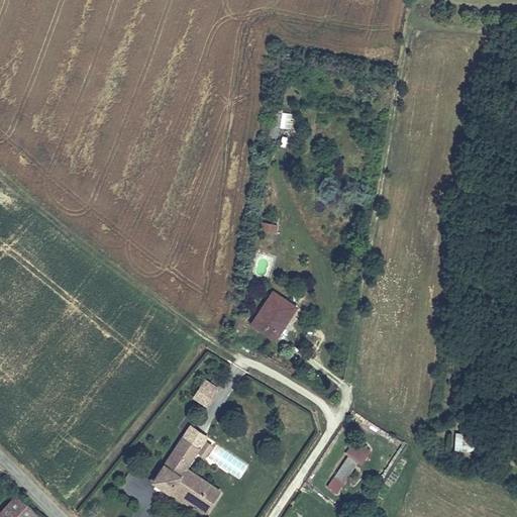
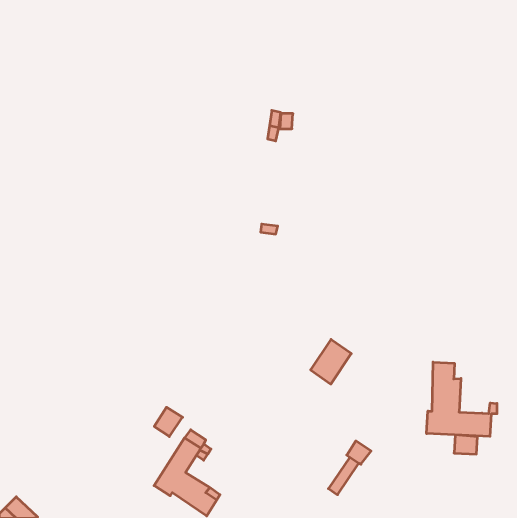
building: [253,294,294,338] -> [311,339,351,384]
building: none -> [427,362,497,436]
building: [191,379,219,408] -> [154,407,183,437]

